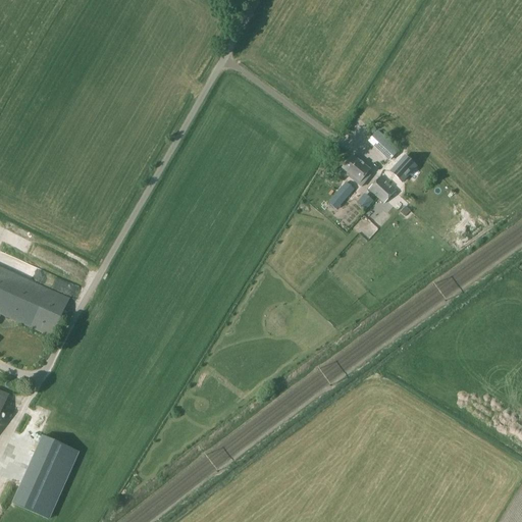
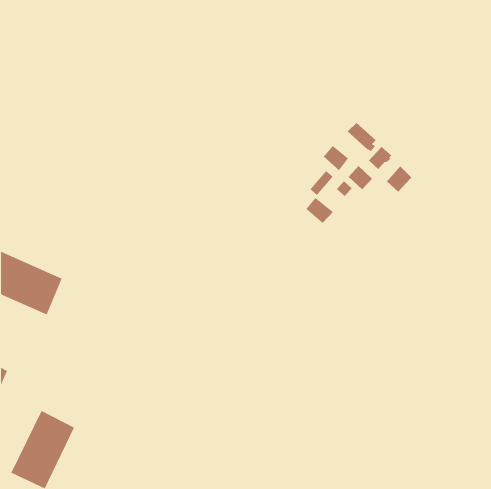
building: none -> [386,166,412,192]
building: none -> [305,197,334,224]

